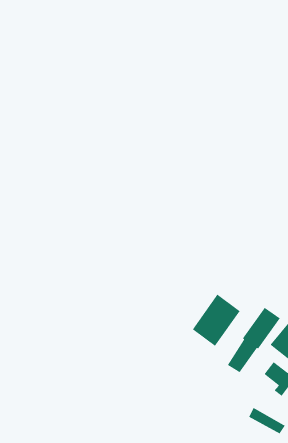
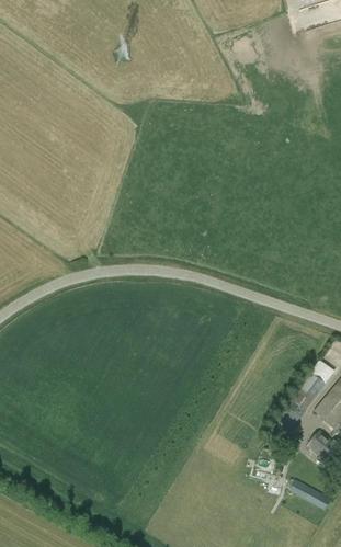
building: [192,294,241,347] -> none

